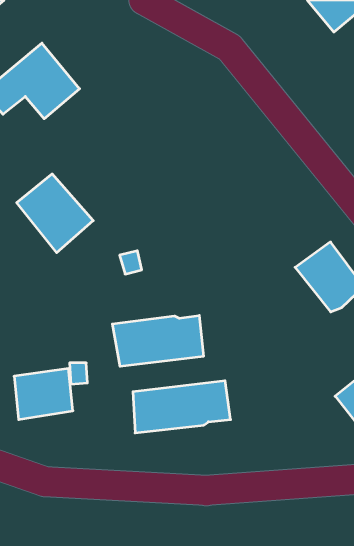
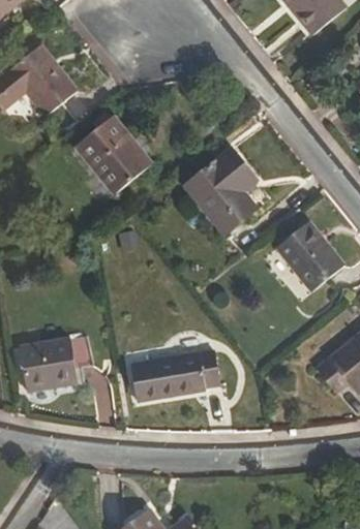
building: none -> [185,147,258,231]
building: [17,174,93,253] -> [81,112,152,185]
building: [112,315,203,366] -> none

